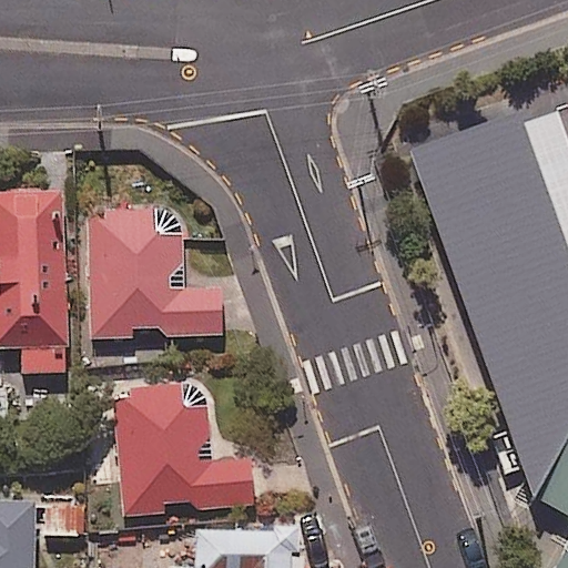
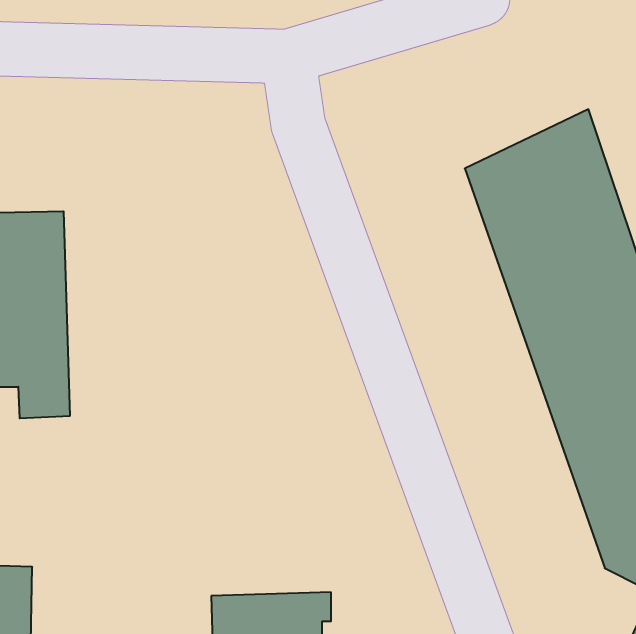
building: [89,211,222,343] -> none
building: [114,385,252,513] -> none

